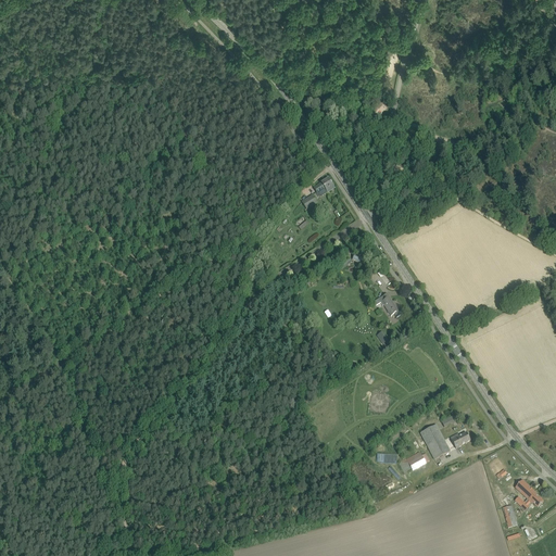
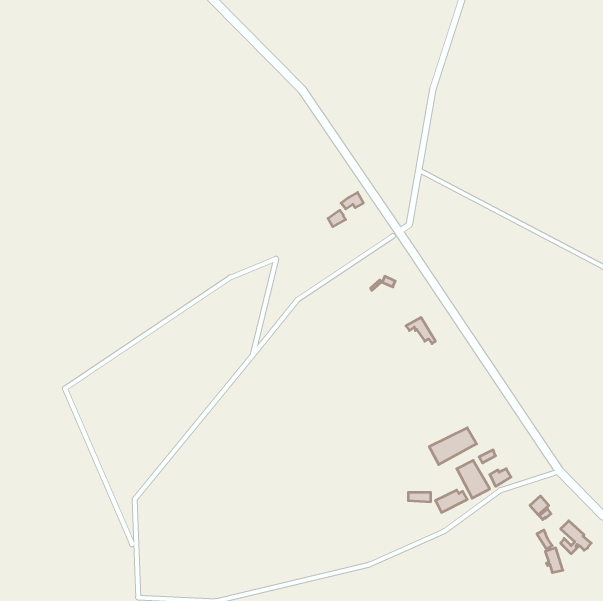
building: none -> [429,428,477,465]

